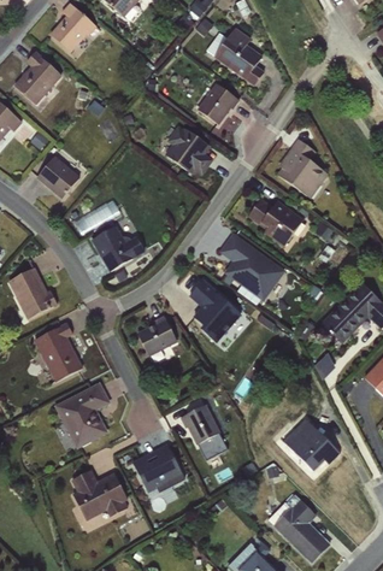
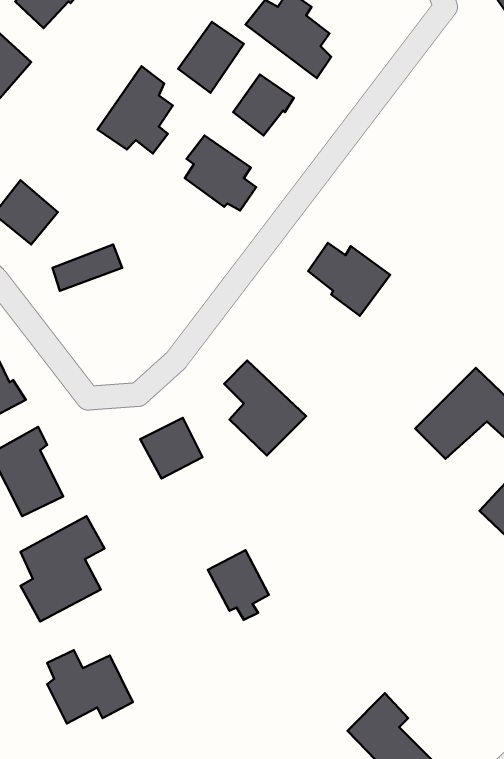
building: none -> [178,22,244,93]
building: none -> [97,66,173,153]
building: [278,137,328,198] -> none
building: [90,225,146,271] -> none
building: [220,232,285,301] -> none
building: [284,420,340,476] -> none
building: [132,445,188,495] -> none

